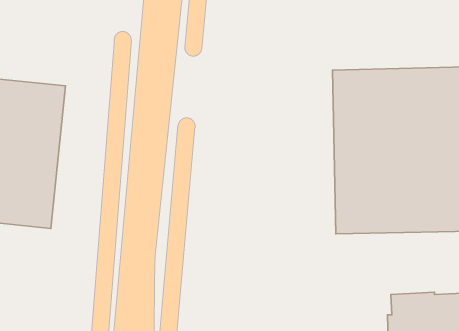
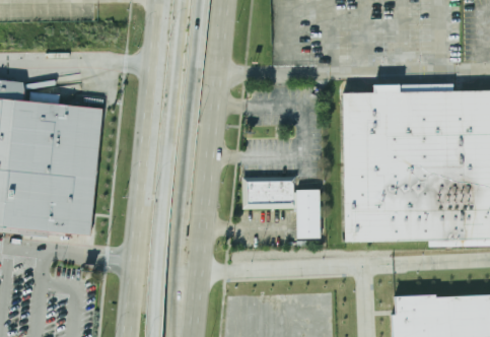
building: none -> [241,176,322,238]

